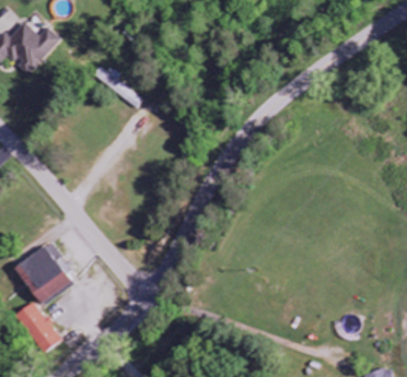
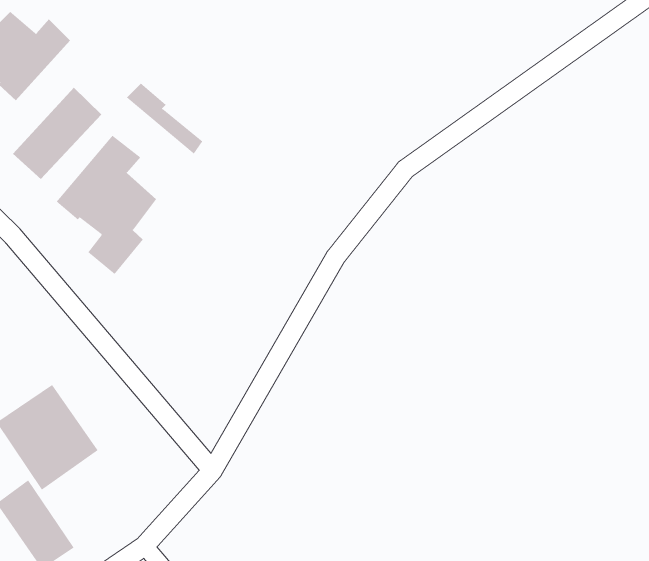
building: none -> [12,87,102,180]
building: none -> [56,135,157,275]

